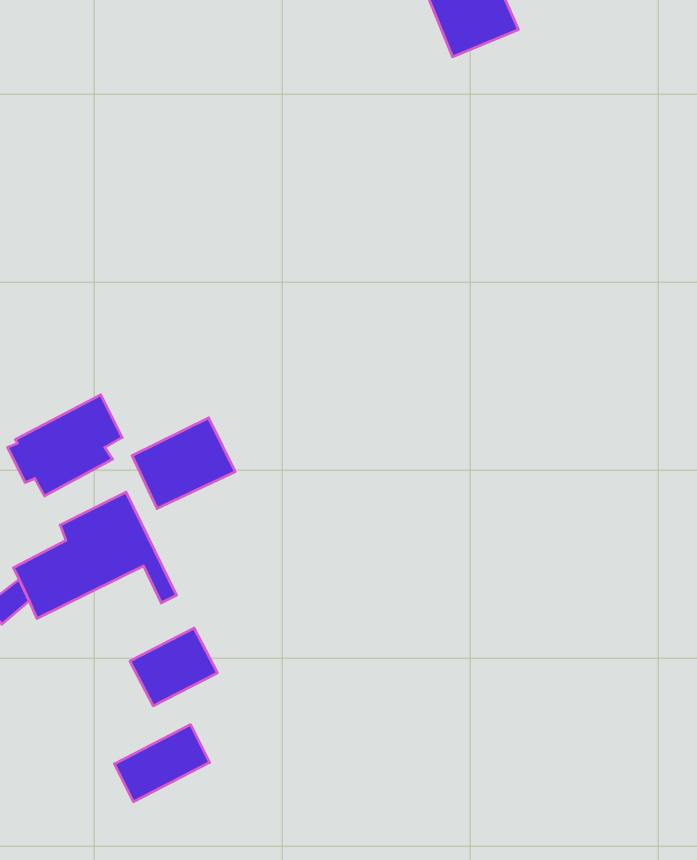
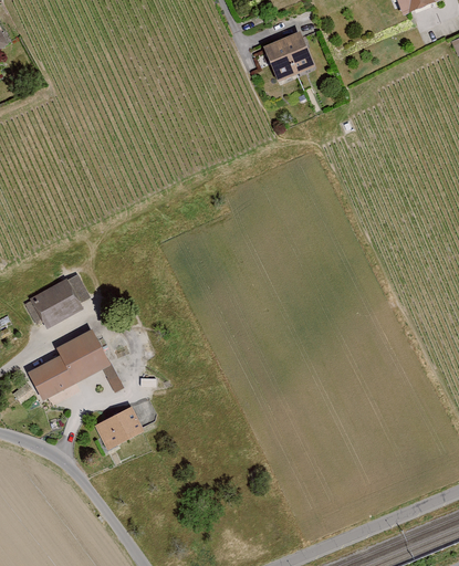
building: [132,418,235,509] -> none
building: [114,725,210,802] -> none

